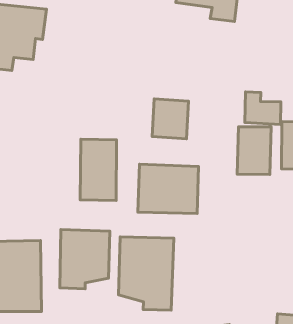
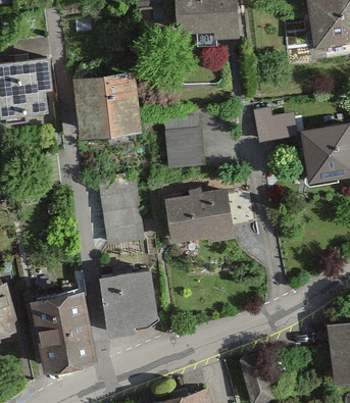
building: none -> [77,73,139,136]
building: [237,127,271,174] -> none
building: [119,237,174,310] -> none

